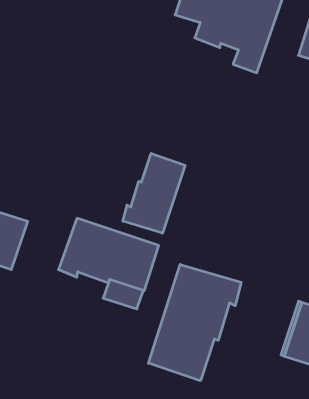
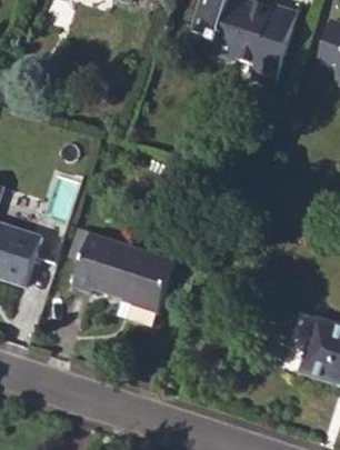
building: [123,153,185,233] -> none
building: [148,264,241,381] -> none

